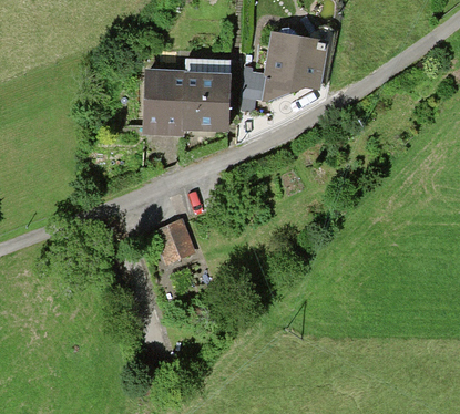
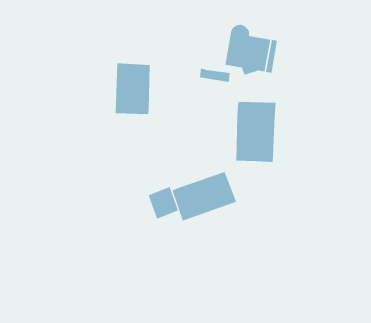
building: [182,61,228,131] -> [236,101,276,163]
building: none -> [172,171,237,222]

